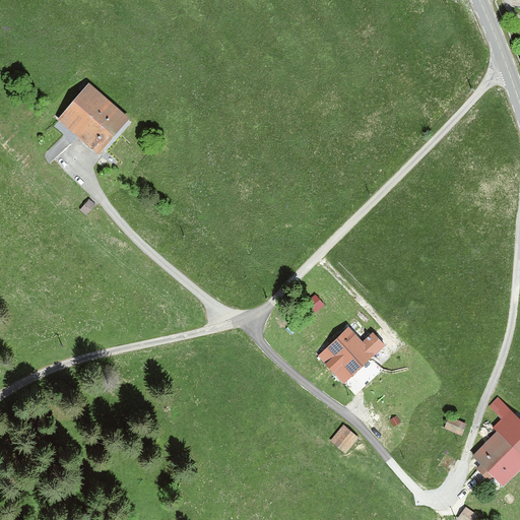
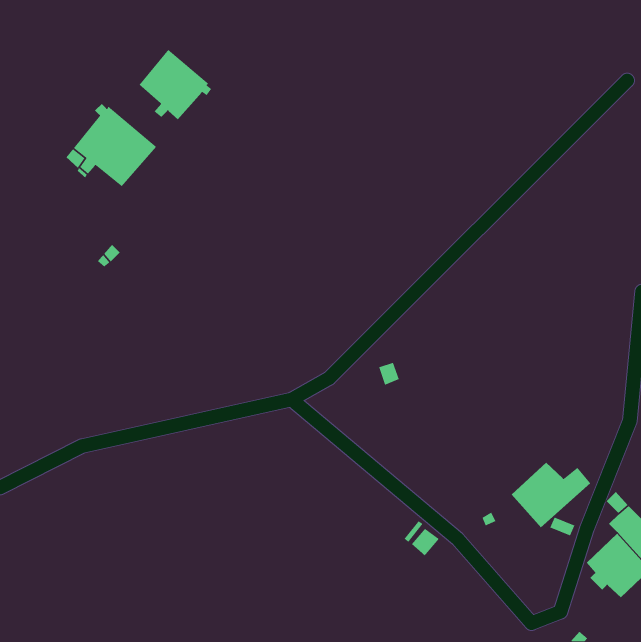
building: none -> [139,49,212,120]
building: [320,328,385,382] -> [511,462,591,528]

